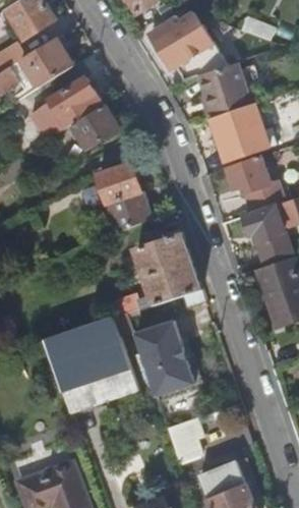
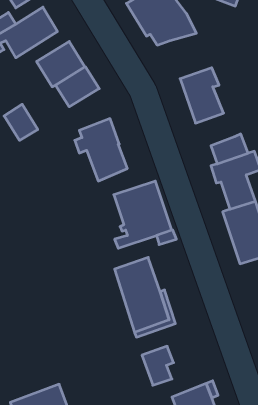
building: [197,63,251,119] -> none
building: [27,99,65,139] -> [4,104,38,140]
building: [226,156,270,193] -> none
building: [44,314,138,414] -> none

